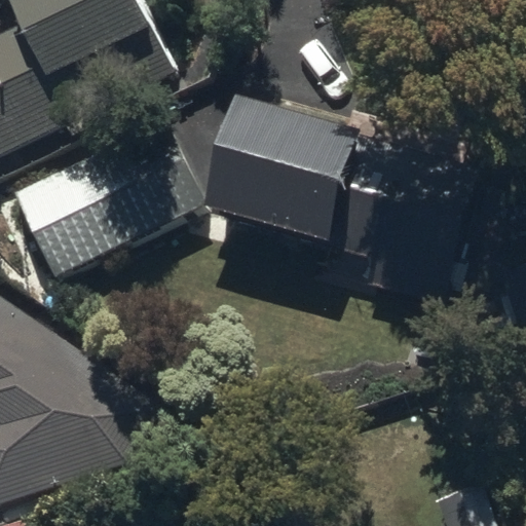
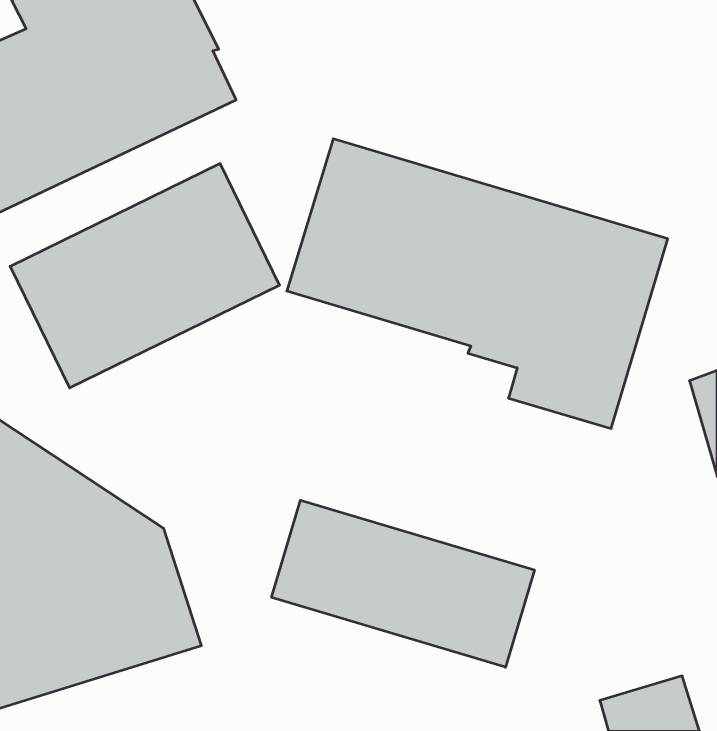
building: none -> [272,500,534,667]

